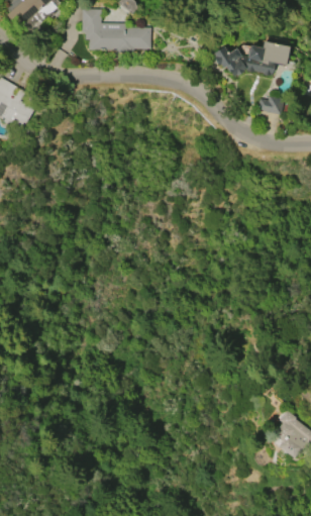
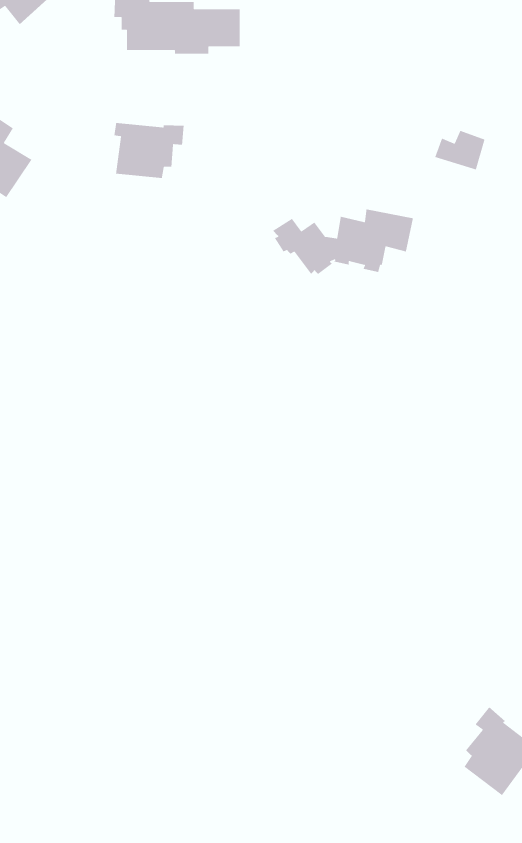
building: [213,40,291,77] -> [272,208,414,275]
building: none -> [114,122,184,179]

